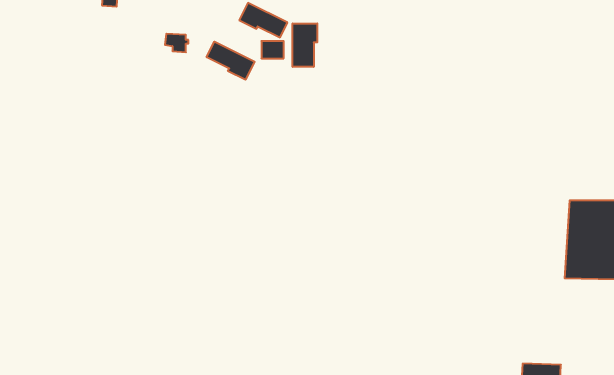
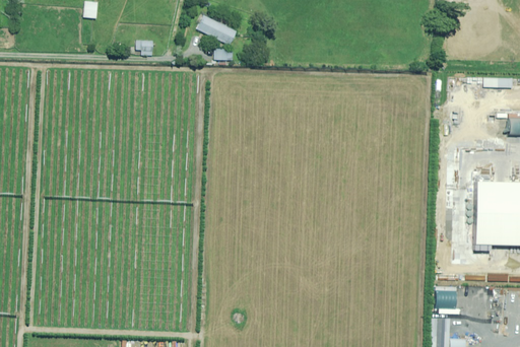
building: [293,23,317,67] -> none
building: [207,42,255,80] -> none

